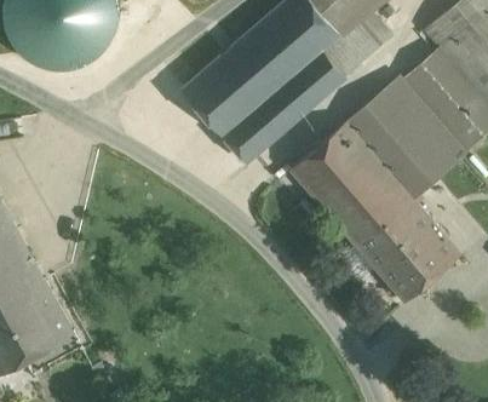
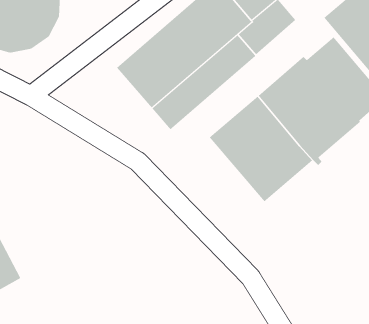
building: [355,196,461,302] -> none

